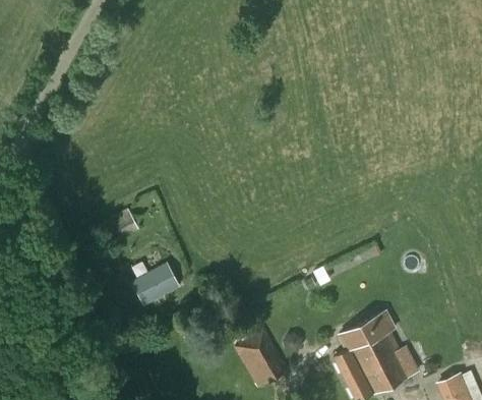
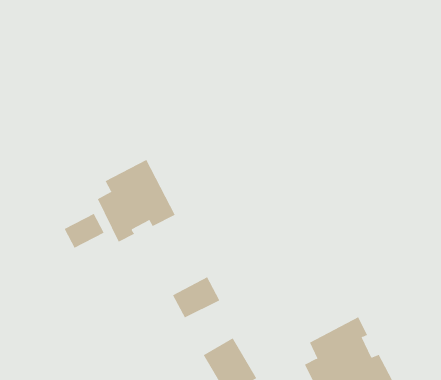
building: none -> [97,159,176,243]
building: [132,264,179,304] -> [172,276,220,318]

